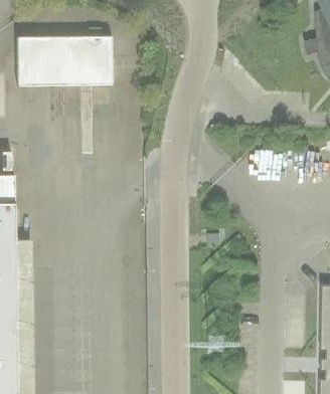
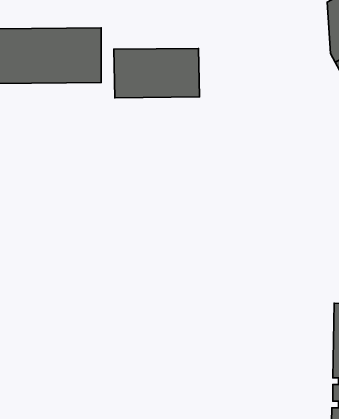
building: none -> [114,48,200,98]

